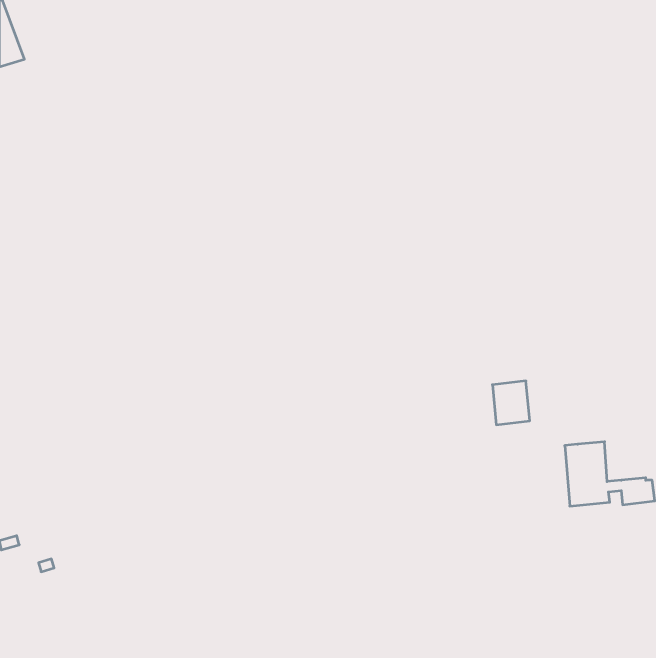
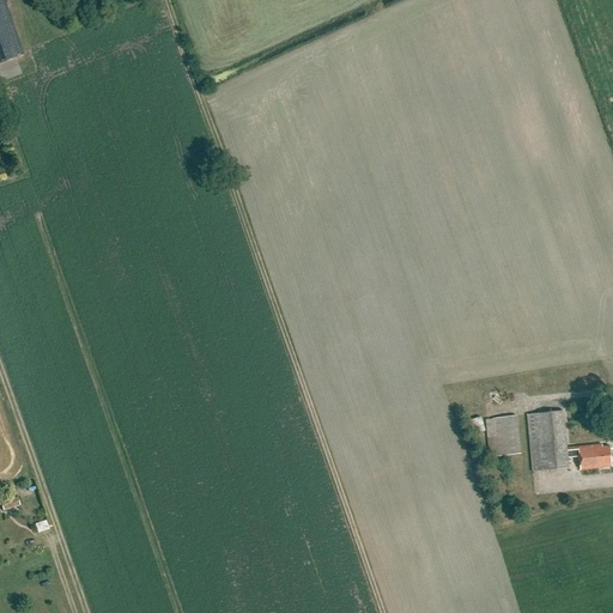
building: [492,381,530,425] -> [485,415,520,456]

